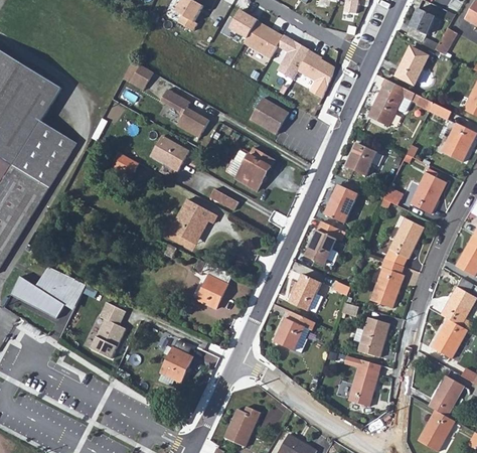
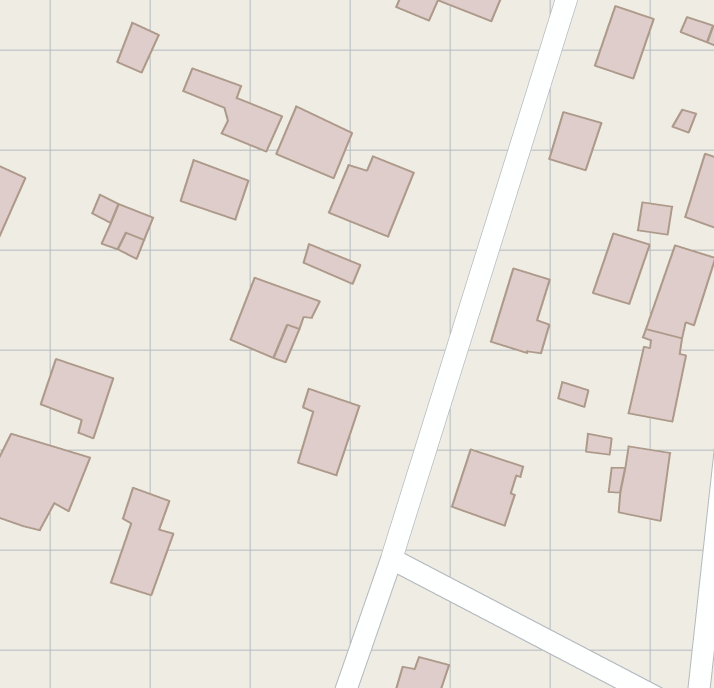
building: [252,98,292,137] -> [276,106,352,178]
building: [321,178,353,215] -> [593,234,650,304]
building: none -> [41,359,113,438]
building: [285,269,320,305] -> none
building: [163,341,193,383] -> none
building: [347,361,376,401] -> none

